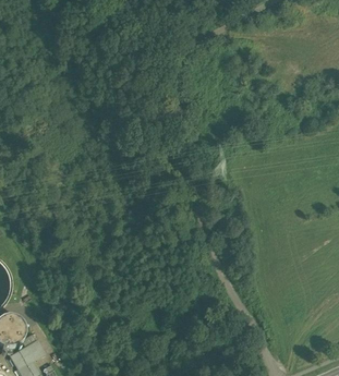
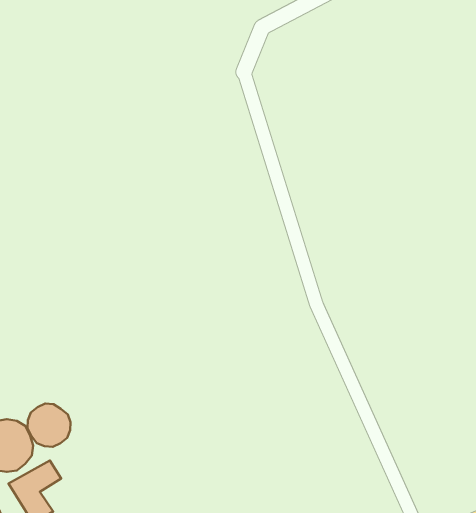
building: none -> [28,404,70,447]

